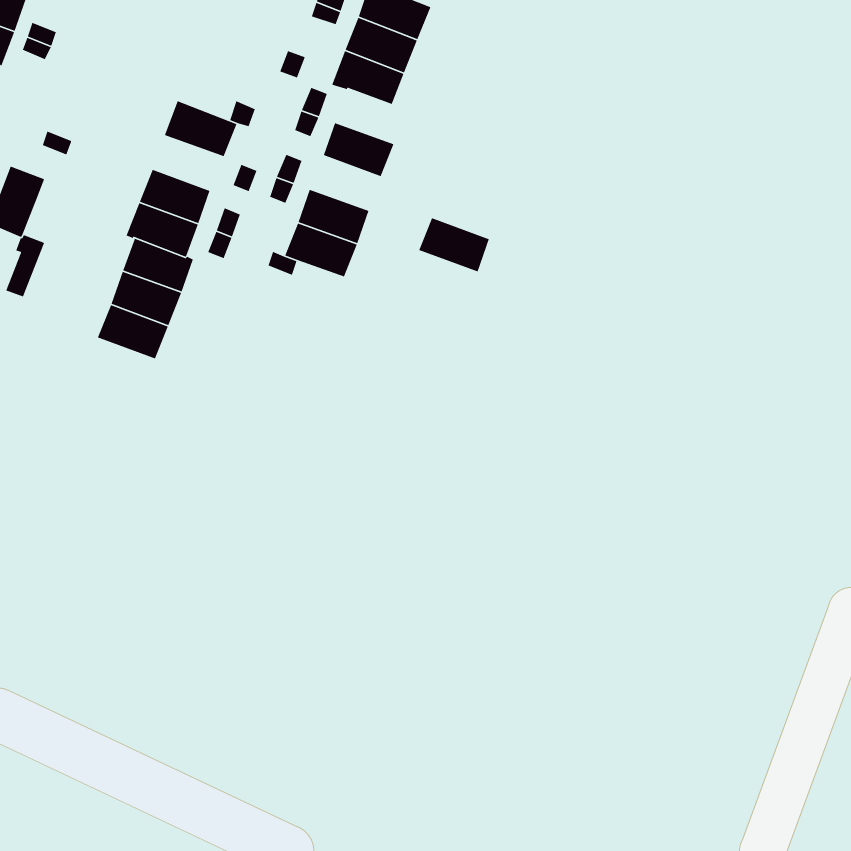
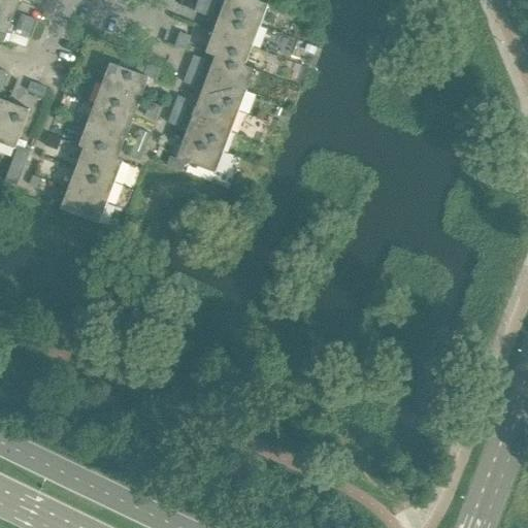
building: none -> [206,55,252,89]
building: none -> [94,84,138,118]
building: [418,217,490,272] -> [191,96,235,130]

